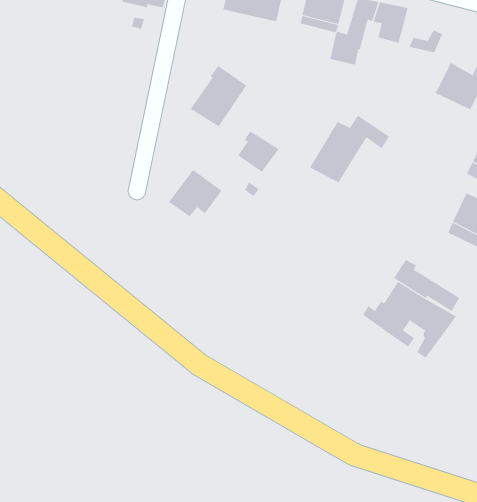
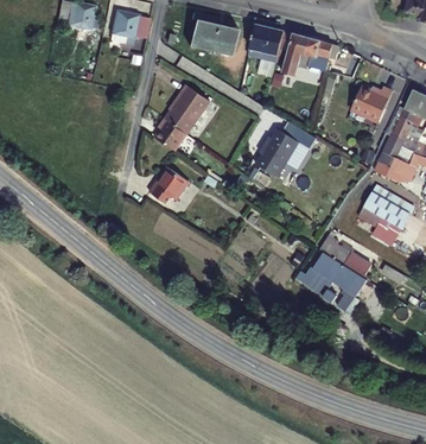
building: [237,131,279,172] -> [154,120,186,152]

